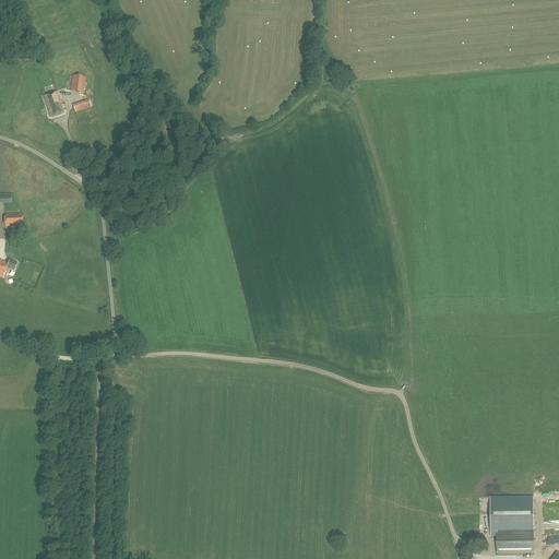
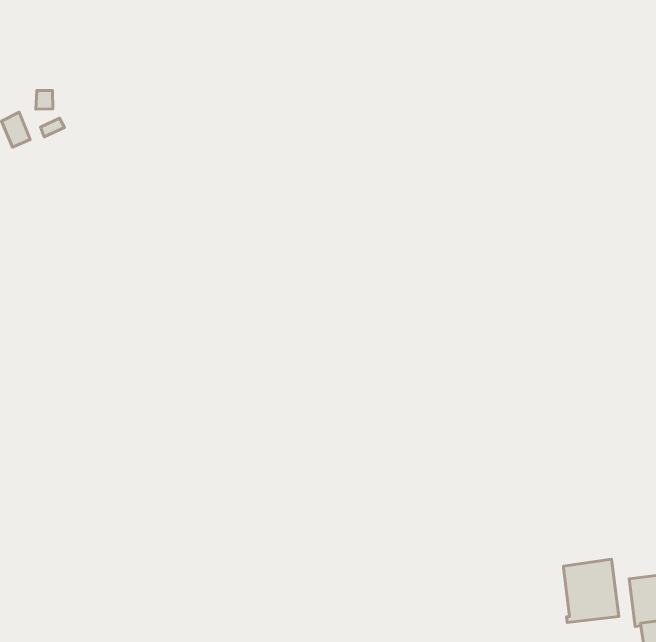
building: none -> [563,559,619,623]

